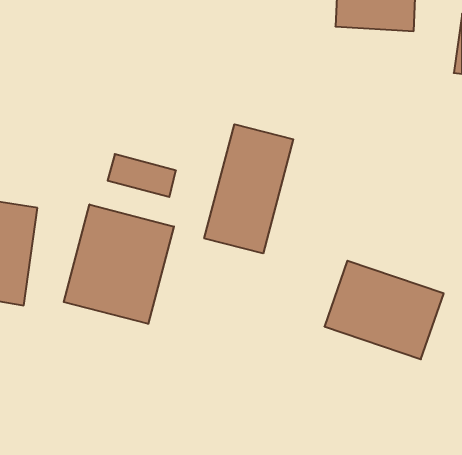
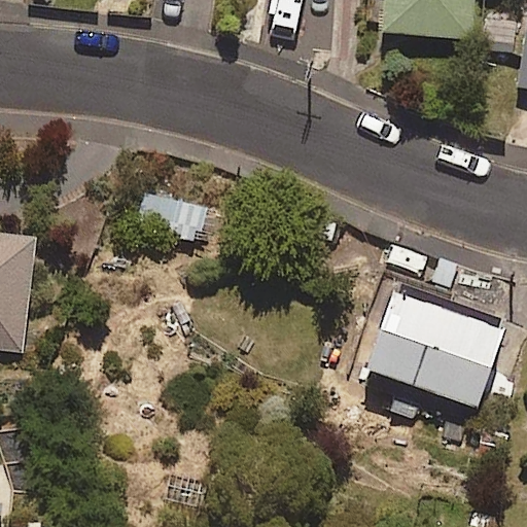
building: [204,124,293,253] -> none
building: [64,204,174,324] -> none

